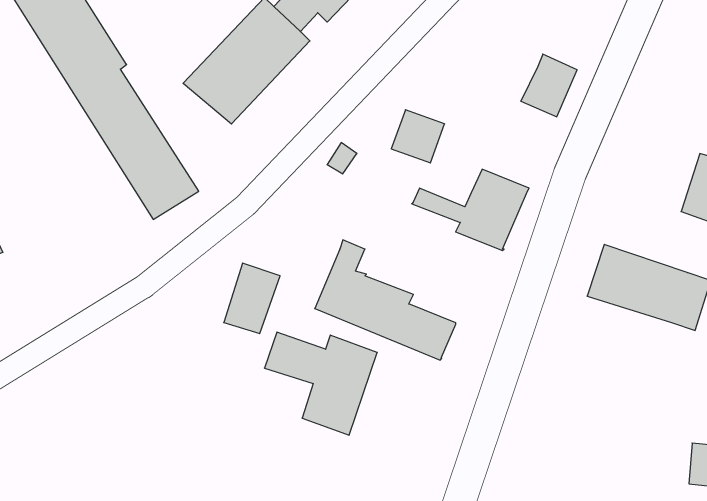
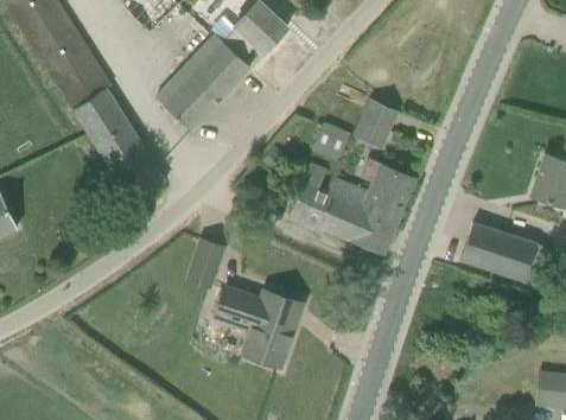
building: [521,54,577,117] -> [354,100,396,147]
building: [315,240,456,360] -> [288,164,395,255]

